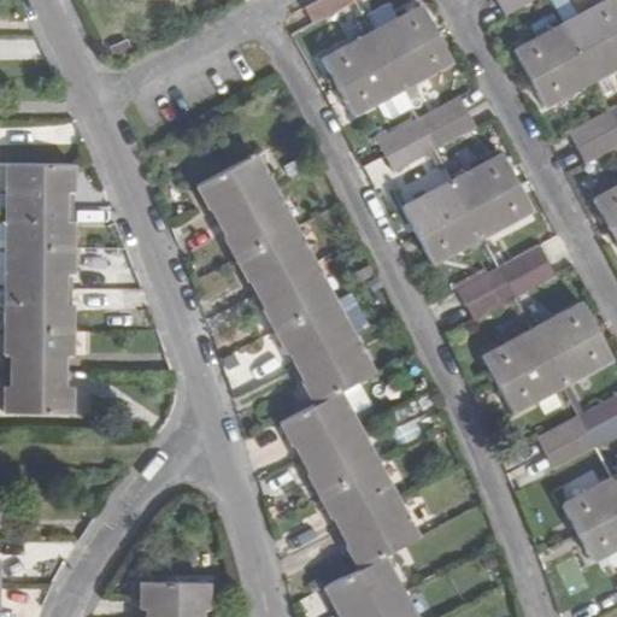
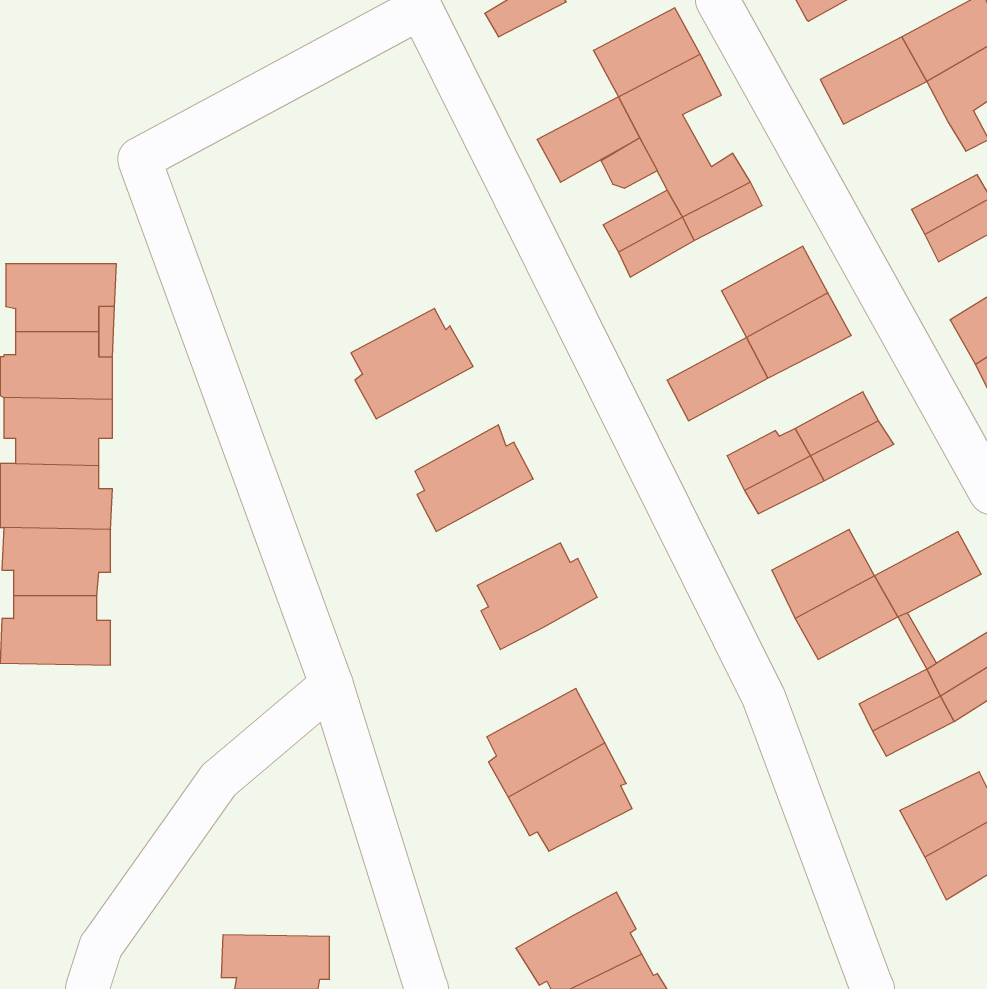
building: [322,31,387,87] -> none
building: [527,51,592,104] -> none
building: [195,152,272,219] -> none
building: [401,181,466,236] -> none
building: [236,228,312,293] -> none
building: [274,298,351,364] -> none
building: [530,301,598,358] -> none
building: [278,389,360,458] -> none
building: [343,503,419,569] -> none

